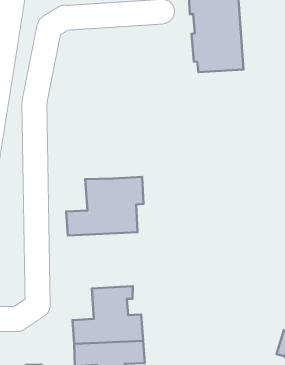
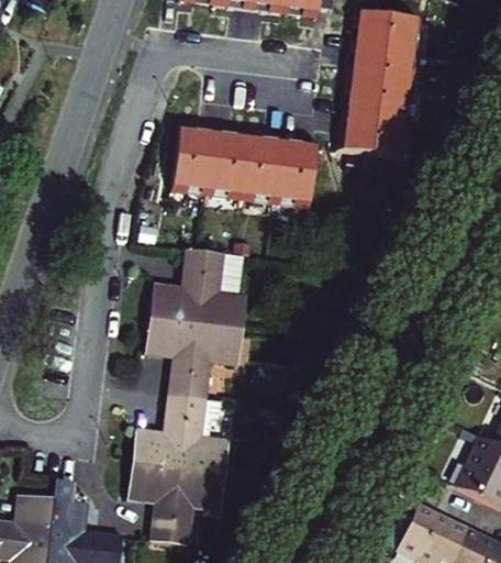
building: none -> [179,122,318,201]
building: none -> [137,328,234,408]

